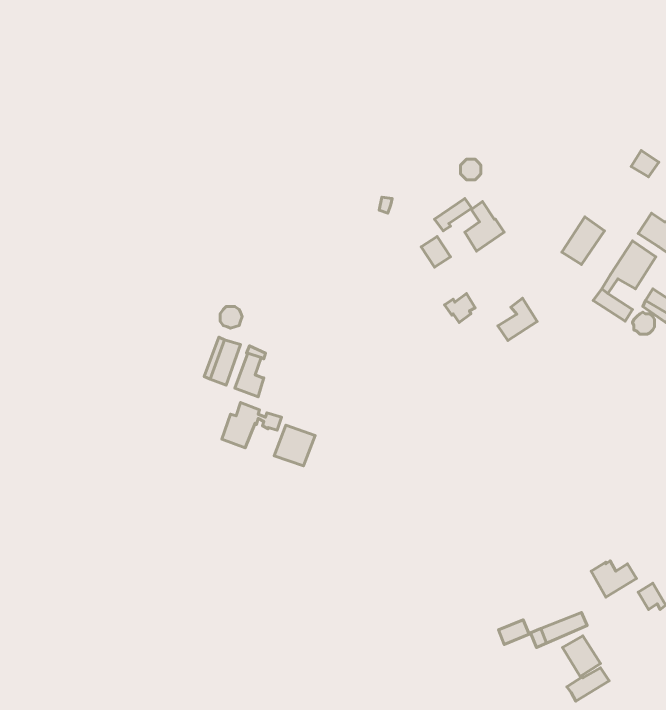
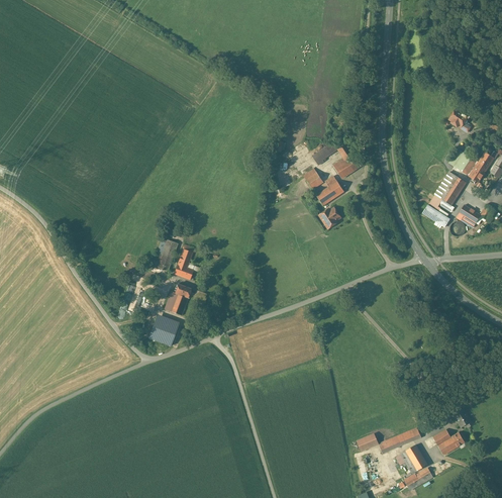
building: [562,217,604,264] -> none
building: [498,298,537,341] -> [315,176,342,205]
building: [274,425,315,466] -> [148,317,177,345]
building: [591,561,636,597] -> [432,430,464,456]

